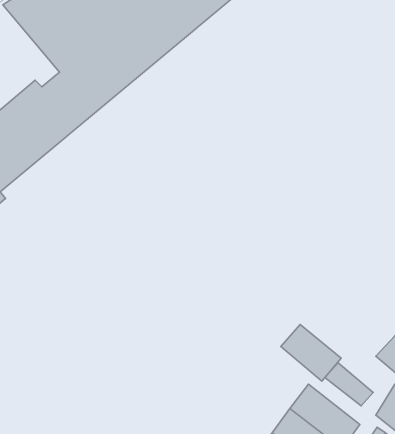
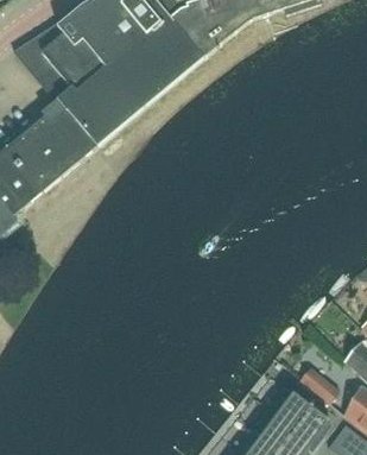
building: [281,325,341,381] -> none

